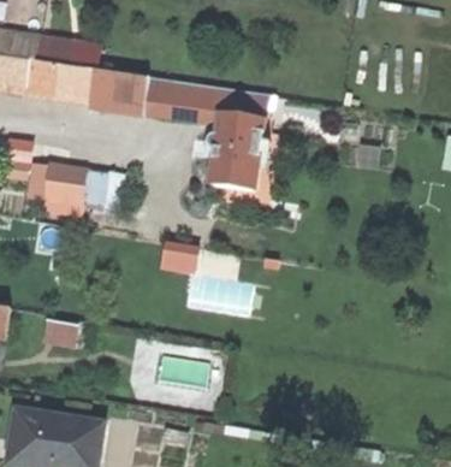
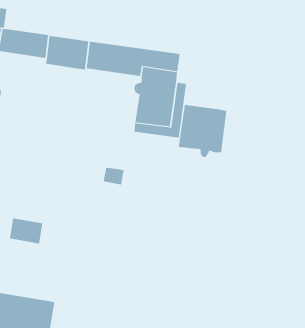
building: [32,34,100,70] -> none
building: none -> [178,104,227,158]
building: [32,165,103,207] -> none

